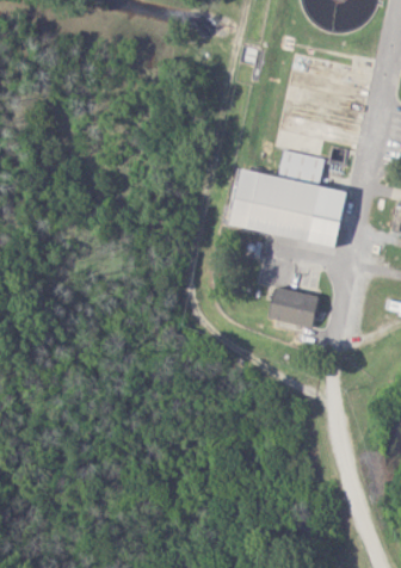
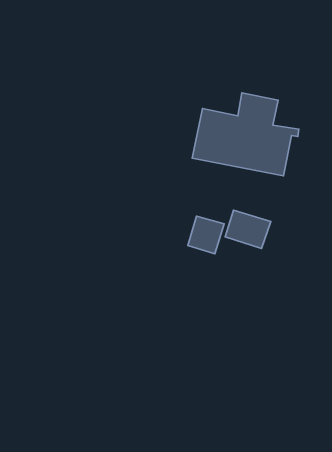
building: none -> [188,216,224,254]

